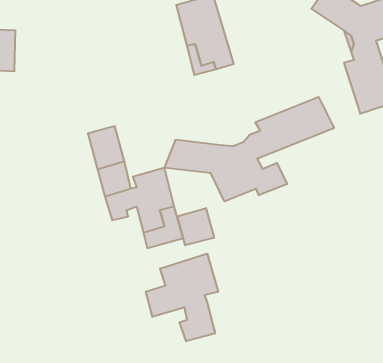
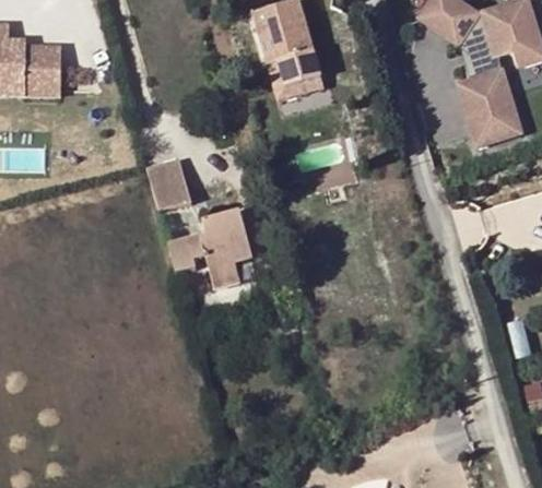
building: [164,97,334,201] -> none
building: [177,208,214,245] -> none
building: [146,254,218,341] -> none

